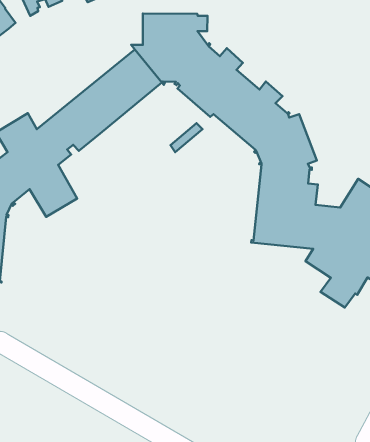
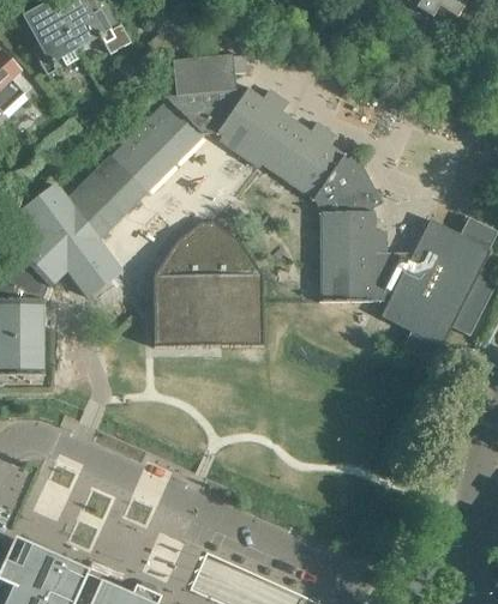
building: none -> [152,221,263,346]

